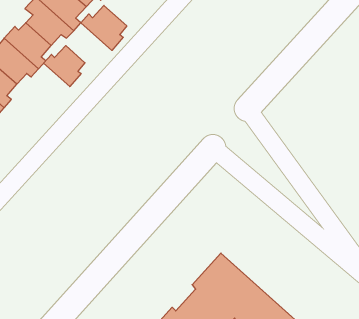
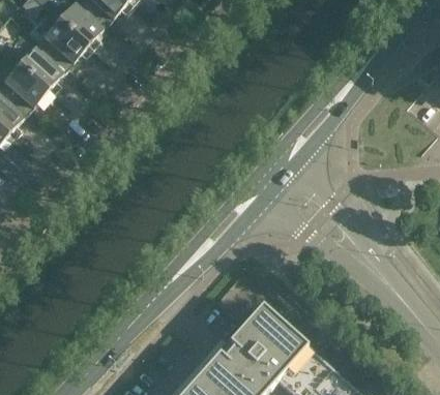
building: [81,5,127,50] -> none
building: [44,46,85,87] -> none

